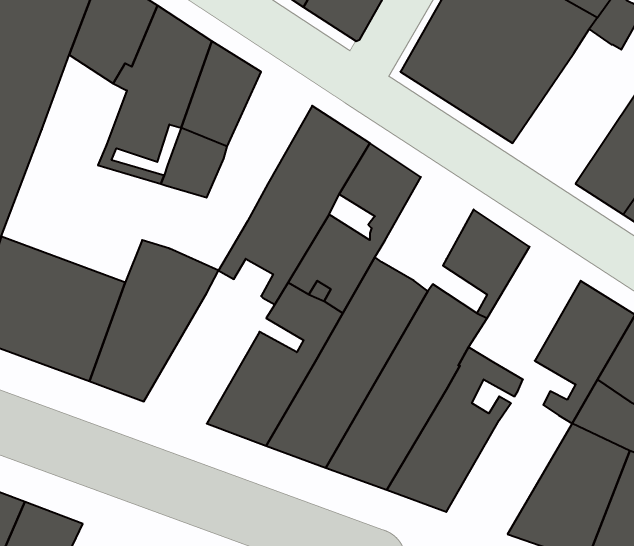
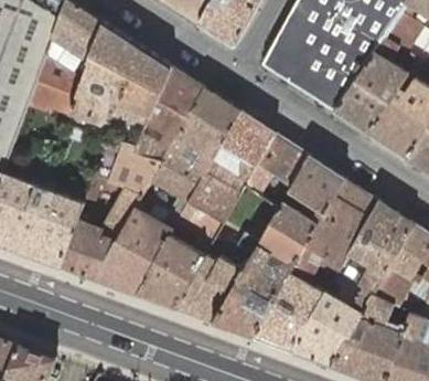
building: none -> [335,38,409,134]
building: none -> [30,54,85,113]
building: none -> [148,65,205,138]
building: none -> [253,134,310,208]
building: none -> [108,139,163,194]
building: none -> [307,179,379,265]
building: none -> [96,209,181,294]
building: none -> [292,288,374,366]

